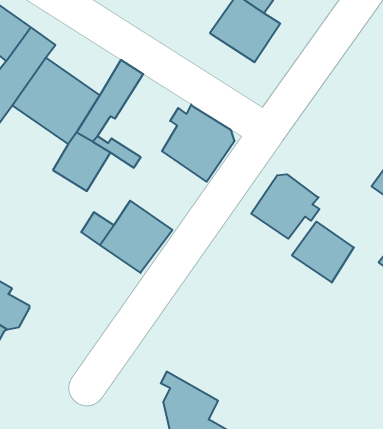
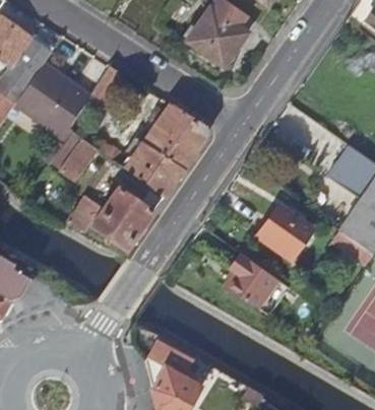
building: none -> [128,144,183,197]
building: [251,174,319,239] -> none
building: none -> [222,254,278,309]

